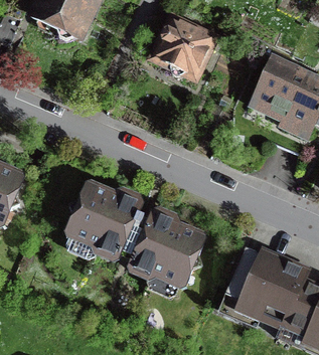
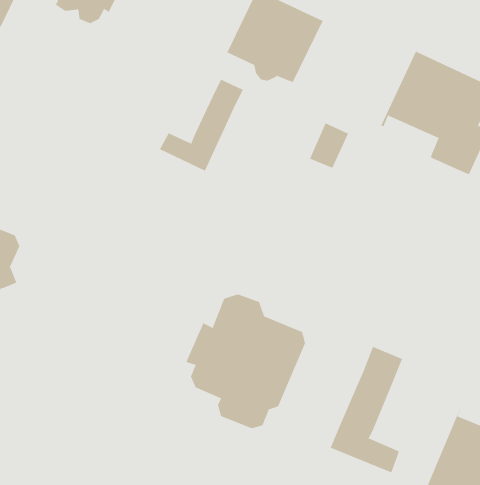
building: none -> [159,79,243,171]
building: [67,183,145,256] -> none
building: [245,250,307,322] -> none

